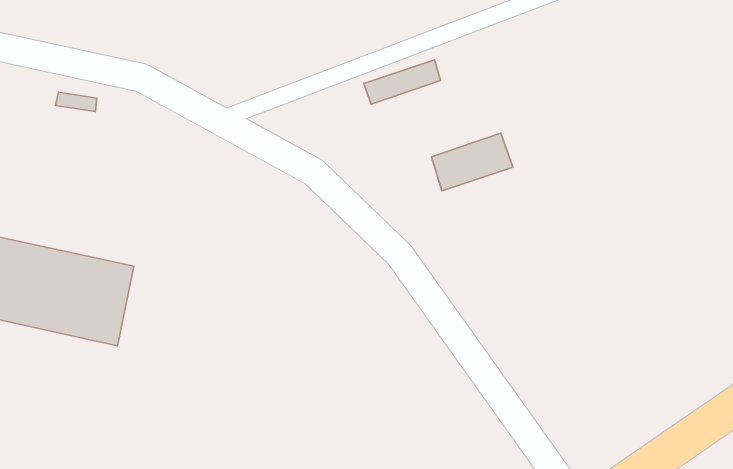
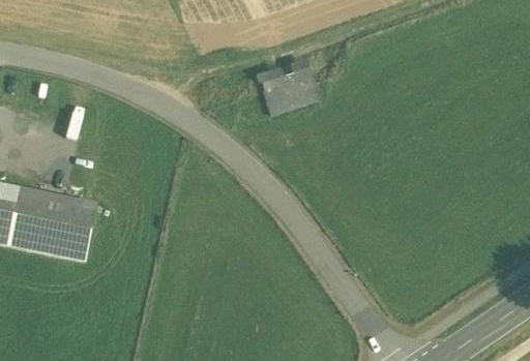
building: [432,133,513,191] -> [262,74,319,115]

